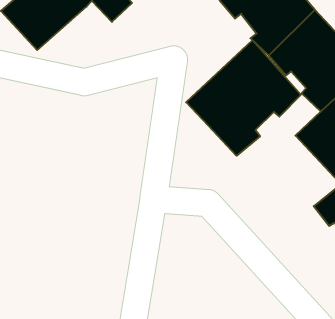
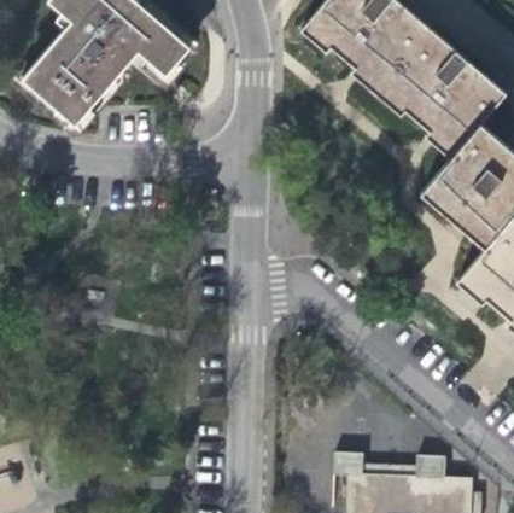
building: [186,40,301,156] -> none

